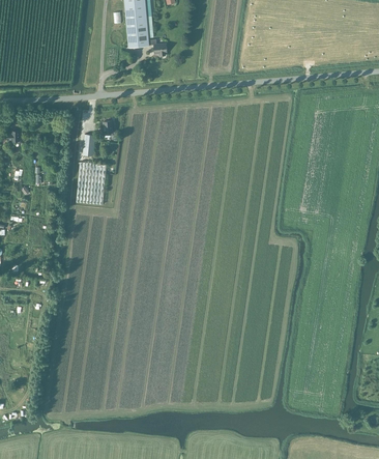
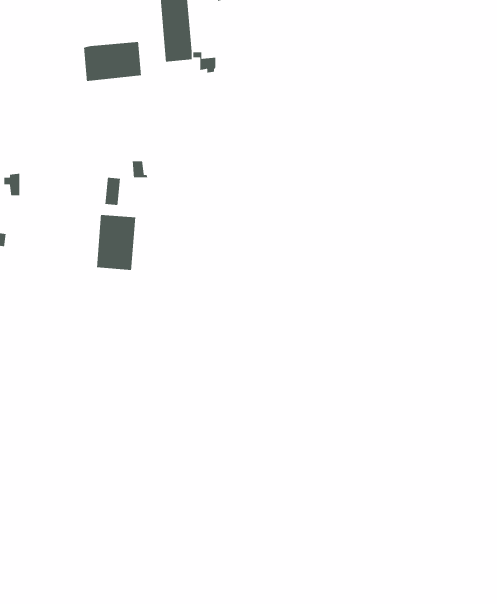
building: none -> [83,41,142,82]

